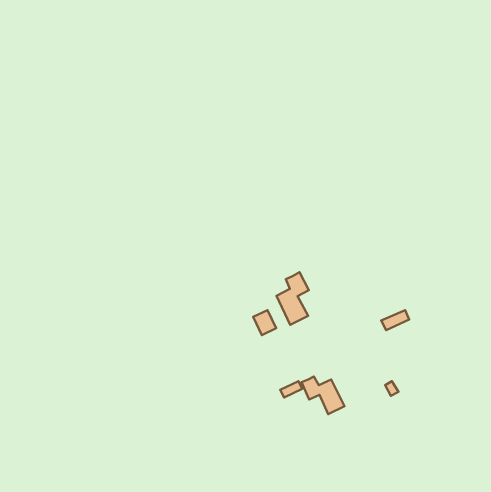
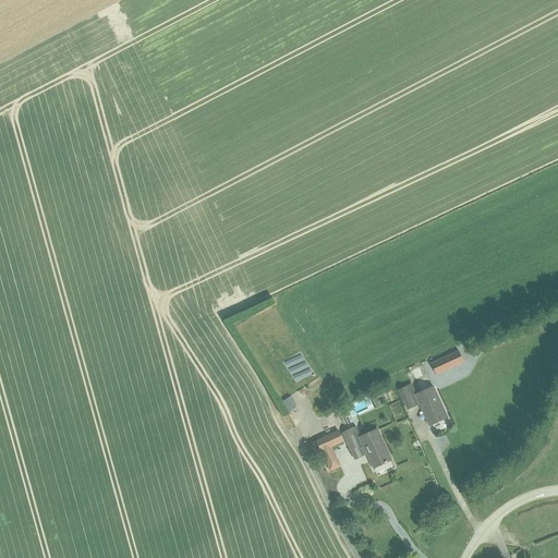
building: [276,272,309,325] -> none
building: none -> [398,386,447,425]

